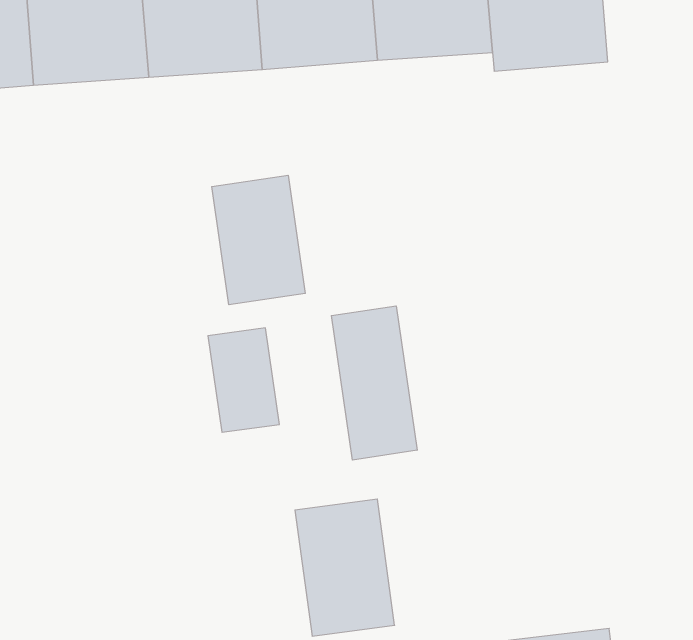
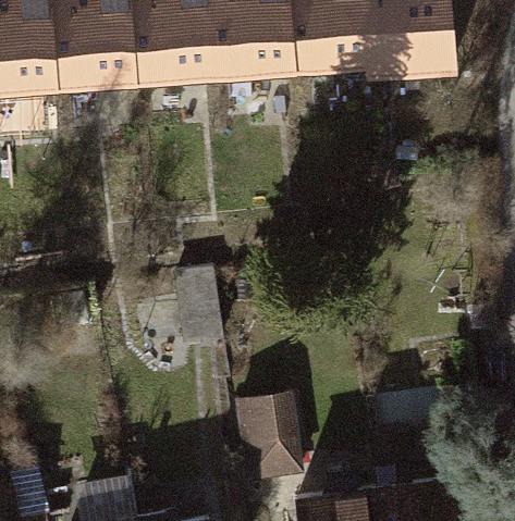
building: [212,175,305,305] -> none
building: [331,306,417,460] -> none

